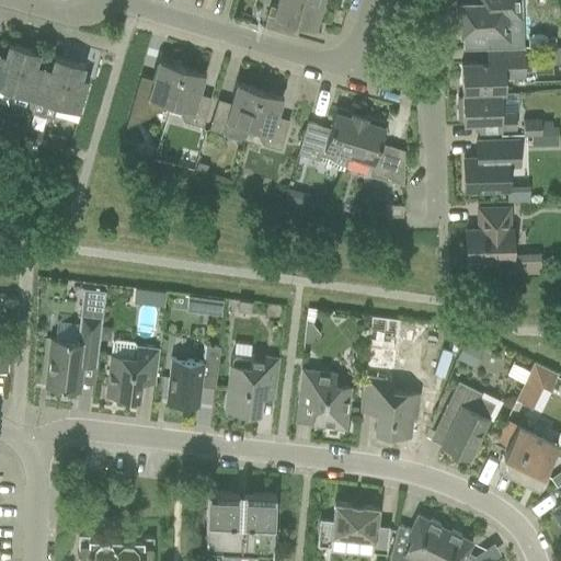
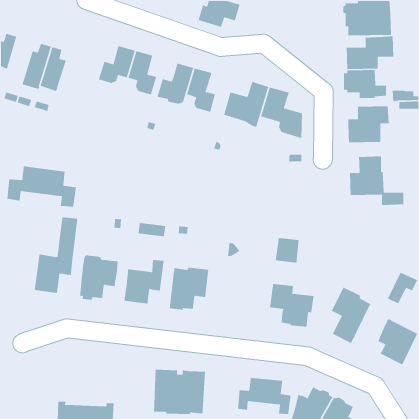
building: [12,50,45,115] -> none
building: none -> [7,165,77,208]
building: [299,371,351,430] -> none

